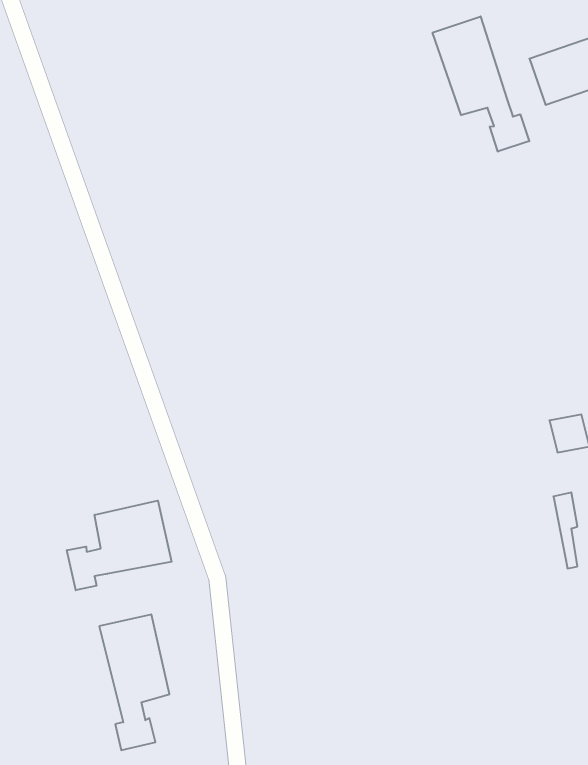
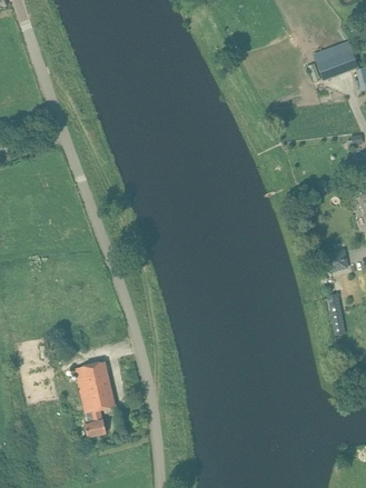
building: [433,16,529,152] -> none
building: [67,501,172,590] -> none

